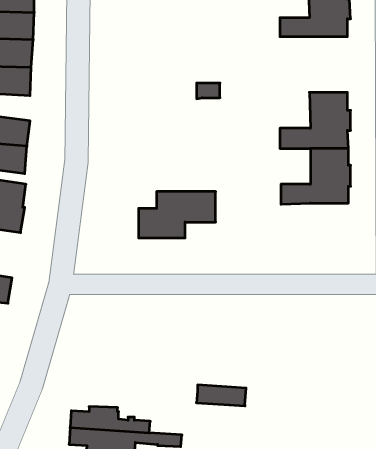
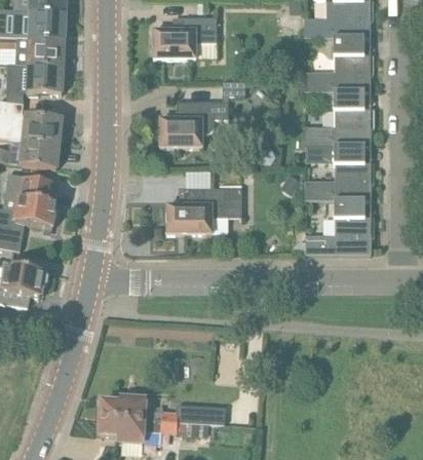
building: none -> [152,16,217,57]
building: none -> [304,36,373,90]
building: none -> [159,100,228,146]
building: none -> [305,198,374,254]
building: [196,385,246,406] -> [177,405,225,425]

